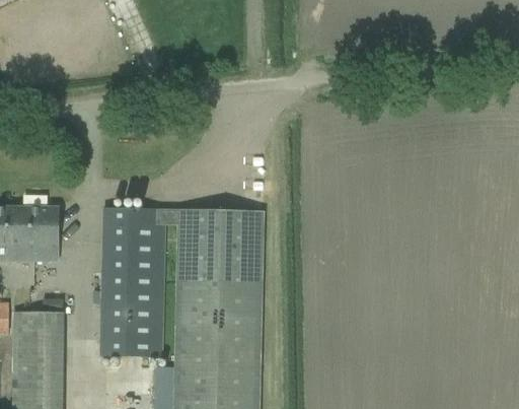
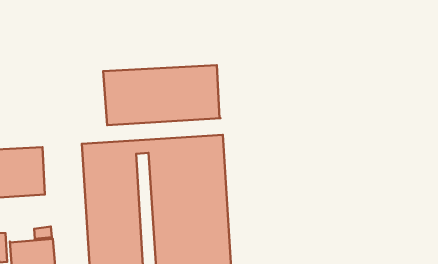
building: none -> [103,65,221,125]

